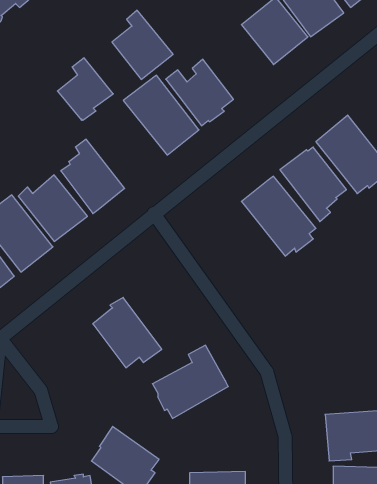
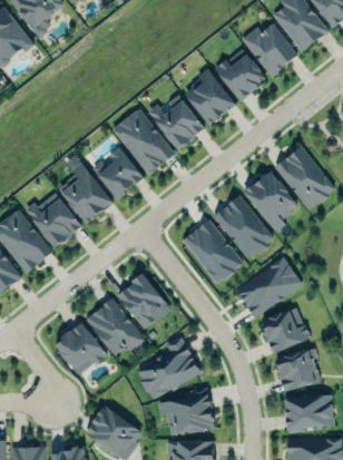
building: [112,10,173,79] -> [185,68,236,126]
building: [57,58,113,120] -> [97,148,144,200]
building: none -> [179,218,241,284]
building: none -> [236,255,303,316]
building: none -> [117,271,171,327]
building: none -> [262,306,312,350]
building: none -> [55,321,108,373]
building: none -> [276,346,321,389]
building: none -> [157,385,214,433]

